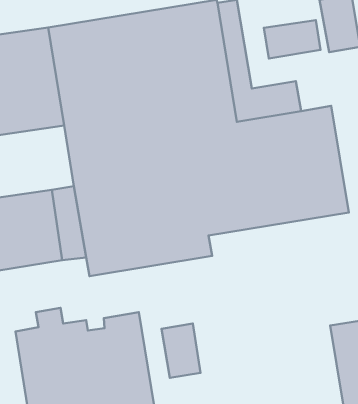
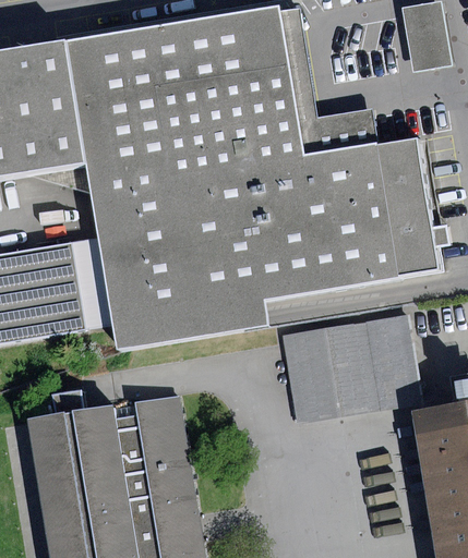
building: [264,20,321,59] -> none
building: none -> [283,316,421,421]
building: [161,323,200,378] -> none

